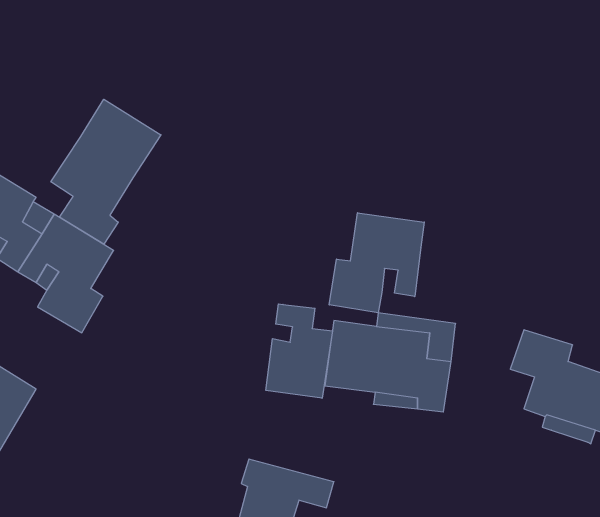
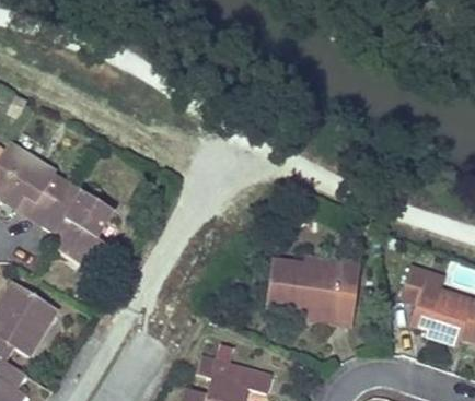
building: [51,99,161,244] -> none
building: [329,213,424,313] -> none
building: [266,304,333,398] -> none

